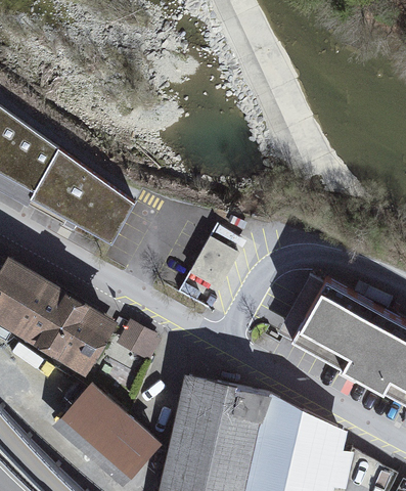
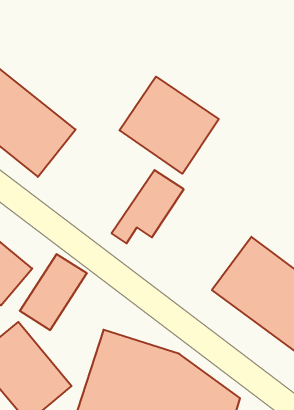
building: none -> [119,77,219,174]

